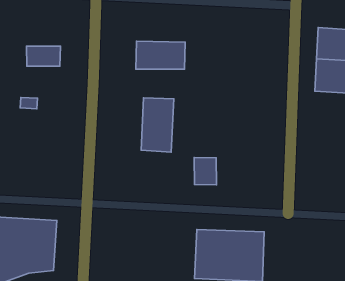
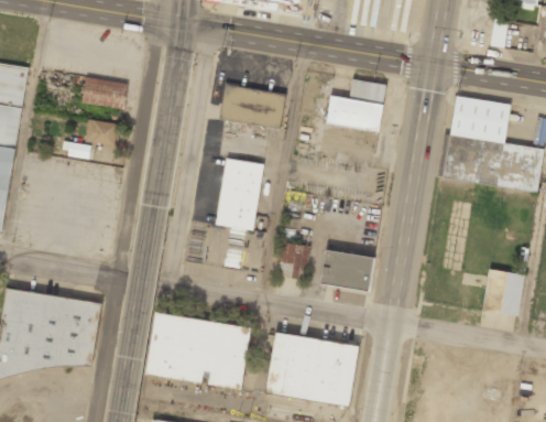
building: none -> [325,79,385,132]
building: none -> [85,119,117,143]
building: none -> [319,249,373,290]
building: none -> [145,311,250,390]

